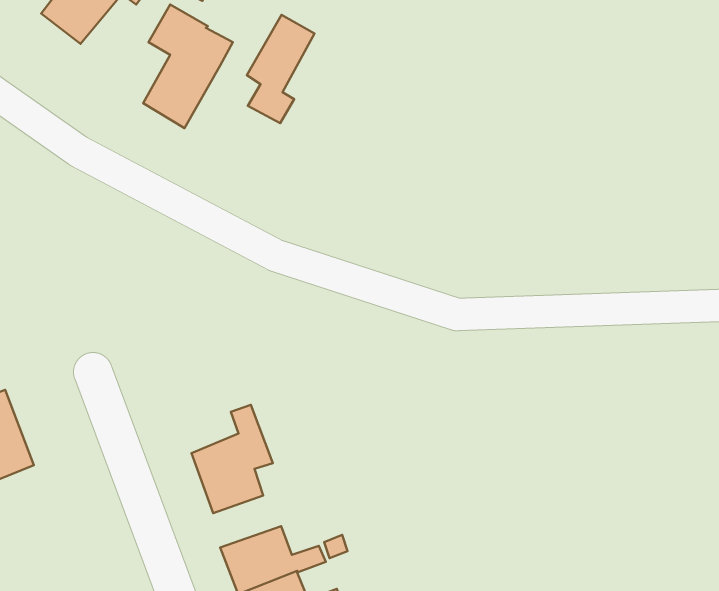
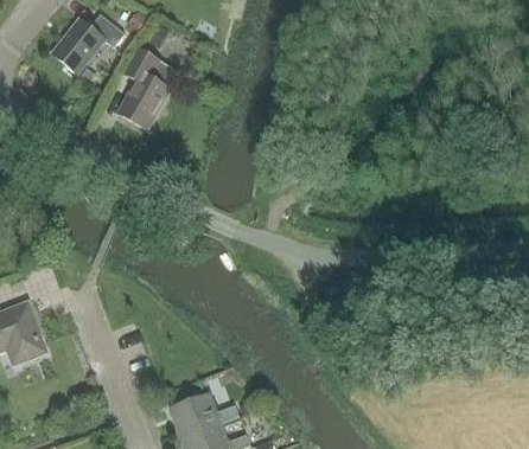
building: [247,15,314,123] -> none
building: [191,405,273,513] -> none

